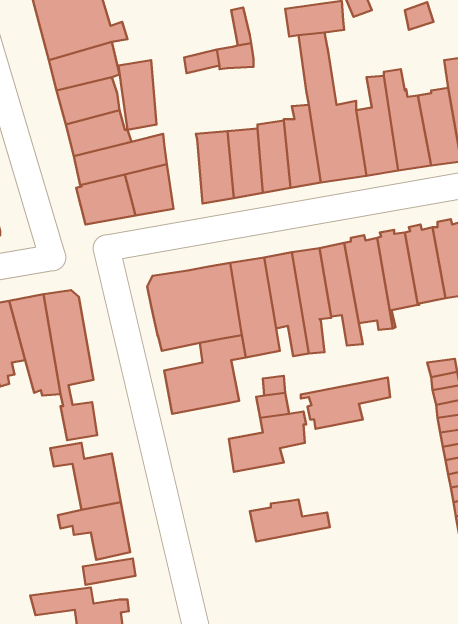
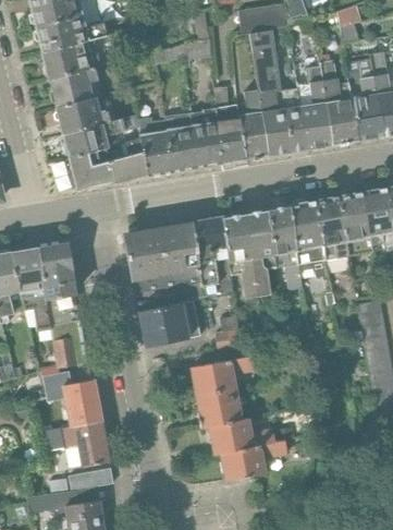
building: [118,60,157,130] -> [138,119,170,177]
building: [301,377,390,429] -> [214,438,288,481]
building: none -> [196,387,243,429]

